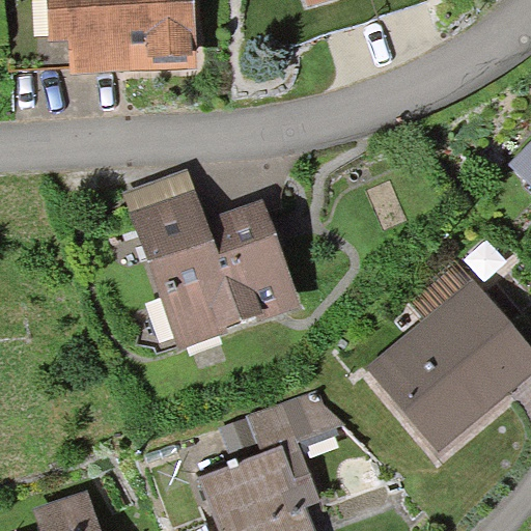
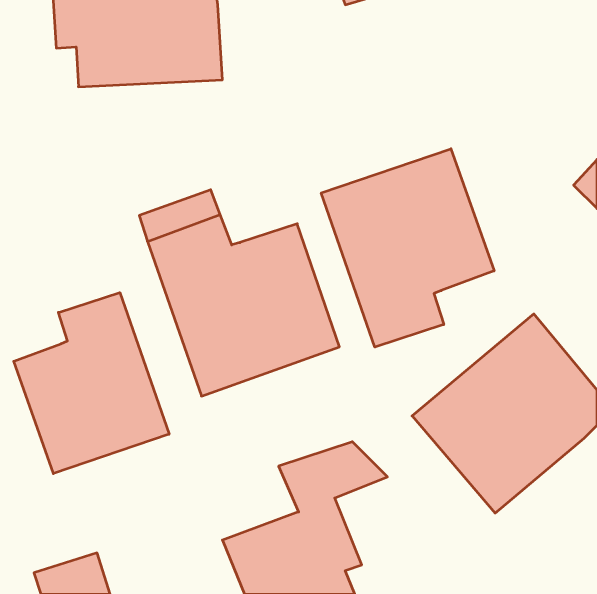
building: none -> [321,149,494,347]
building: none -> [14,293,169,474]

